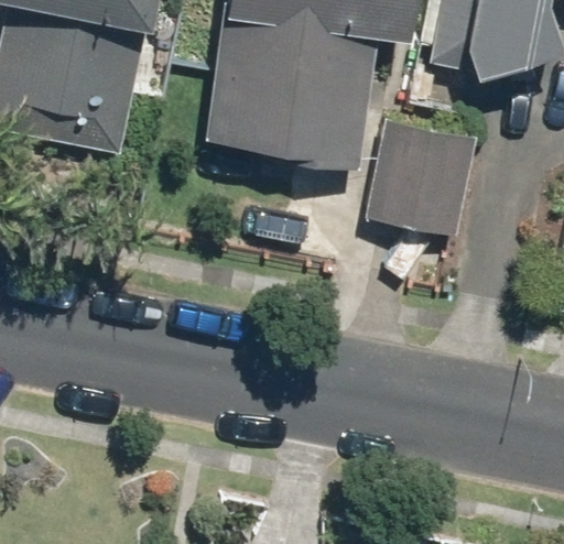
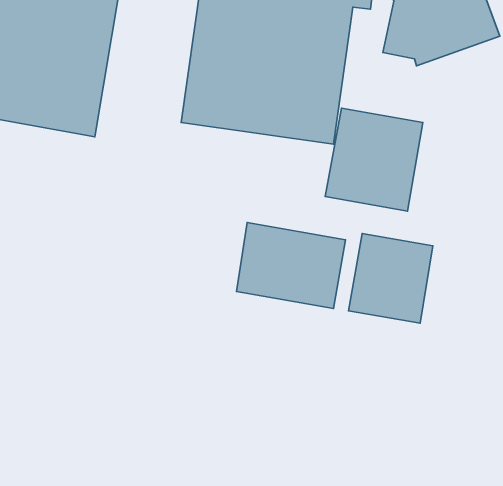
building: none -> [236,223,346,308]
building: none -> [349,234,433,323]

